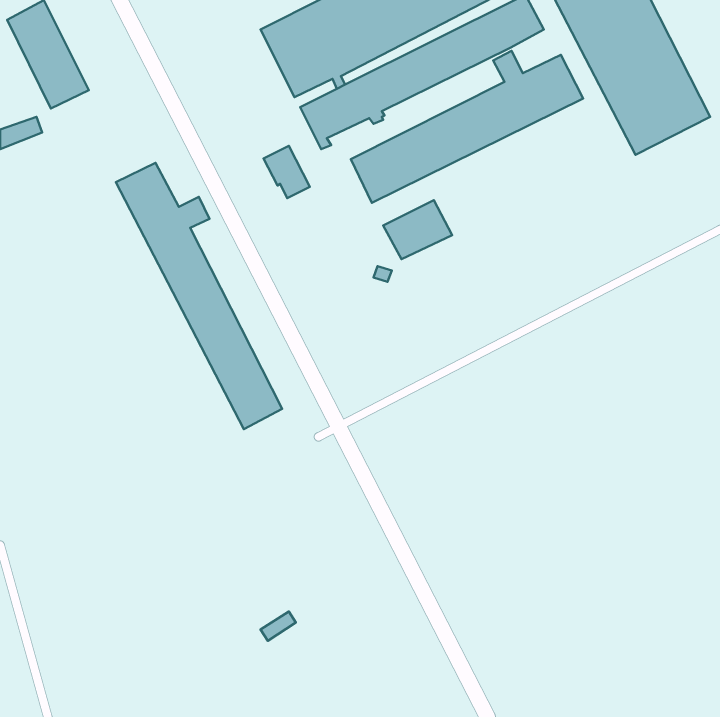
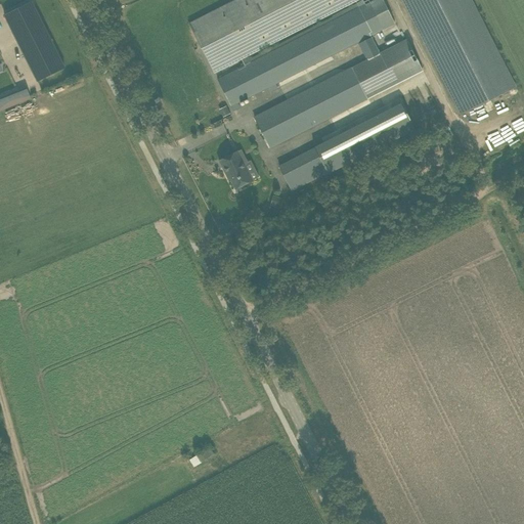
building: none -> [315,101,414,171]
building: [263,146,310,198] -> [219,149,253,187]
building: [116,163,282,429] -> none

